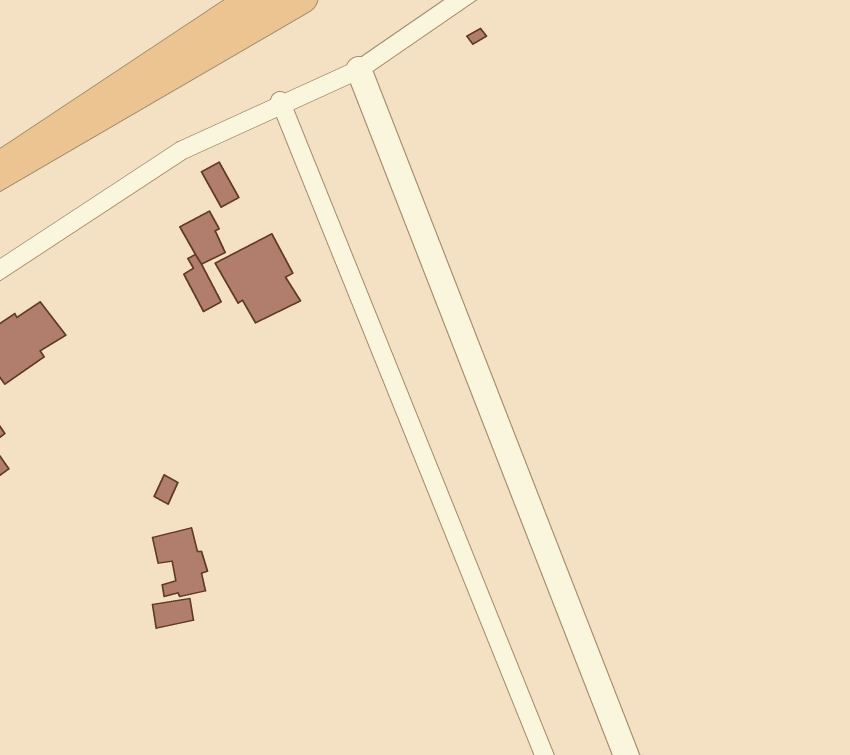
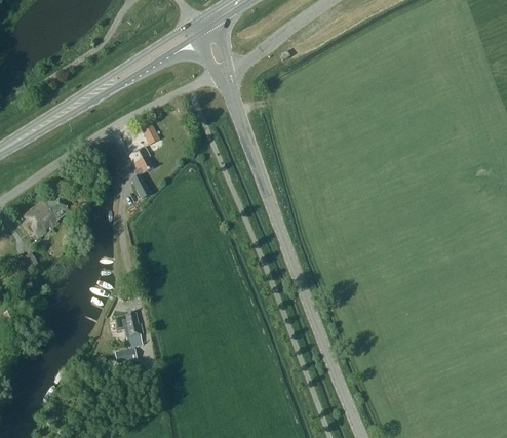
building: [215,234,300,323] -> none

